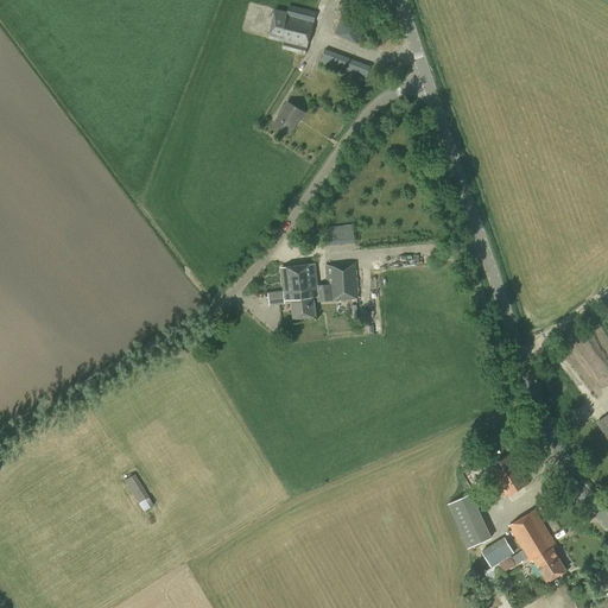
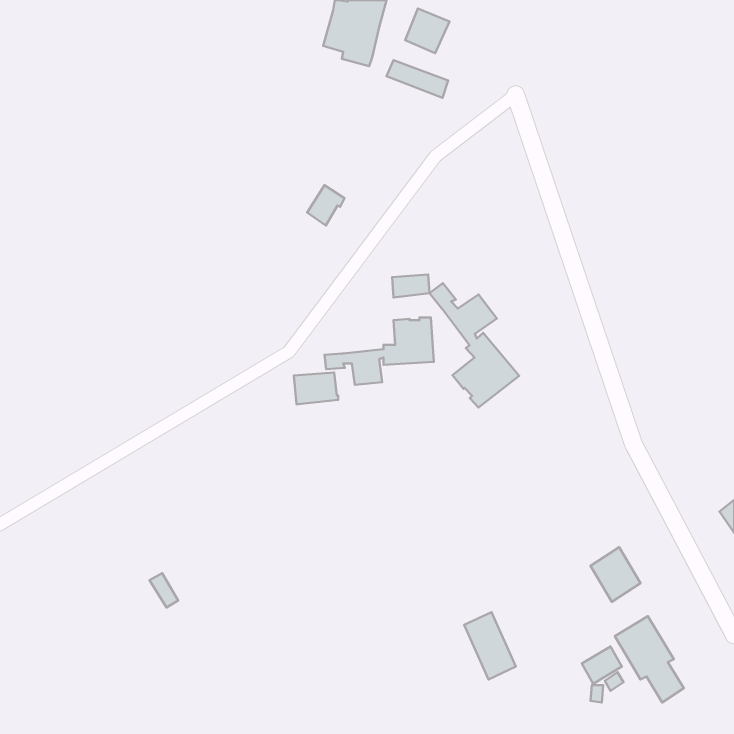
building: [273,102,304,135] -> [307,185,345,225]
building: none -> [429,283,519,407]
building: [280,266,317,292] -> [294,373,338,404]
building: [448,490,490,546] -> [464,612,516,680]

